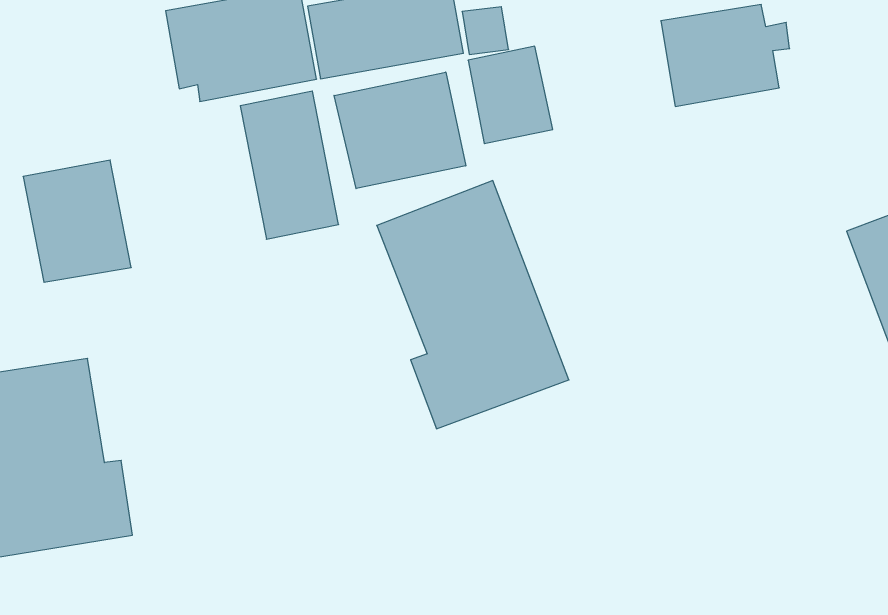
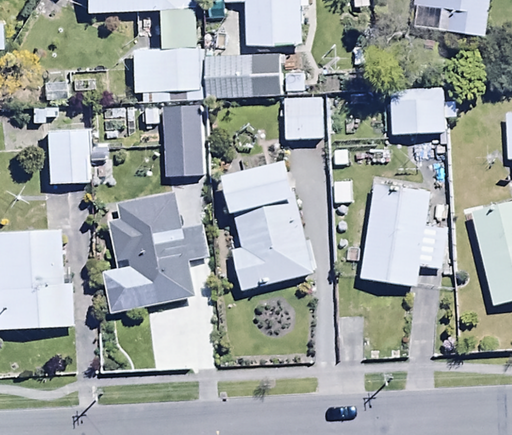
building: [334,72,466,189] -> none
building: none -> [359,183,448,289]
building: none -> [102,191,209,313]

